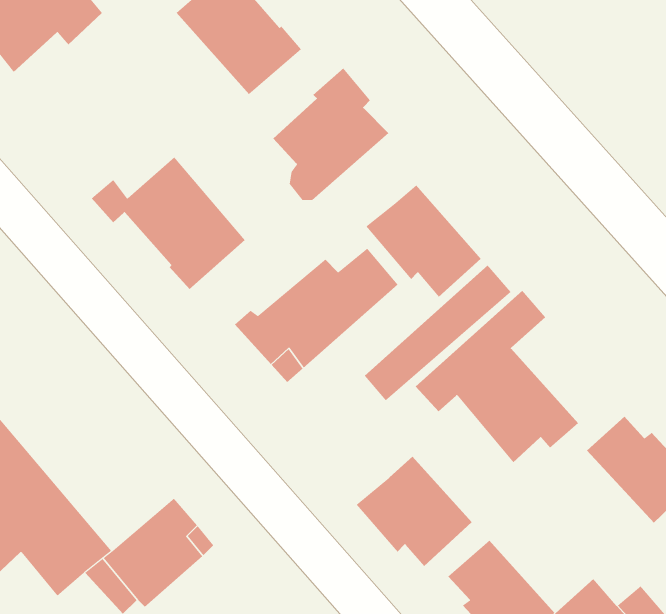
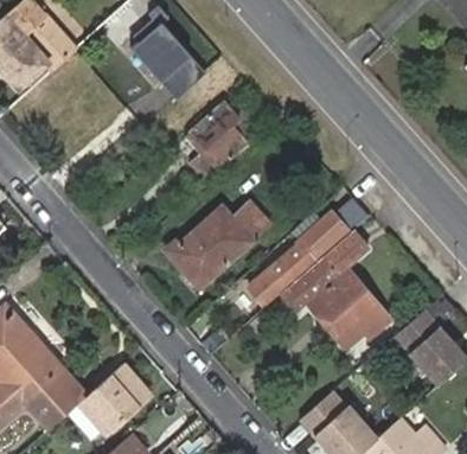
building: [91,157,246,290] -> none
building: [366,184,482,298] -> none
building: [356,456,472,567] -> none

